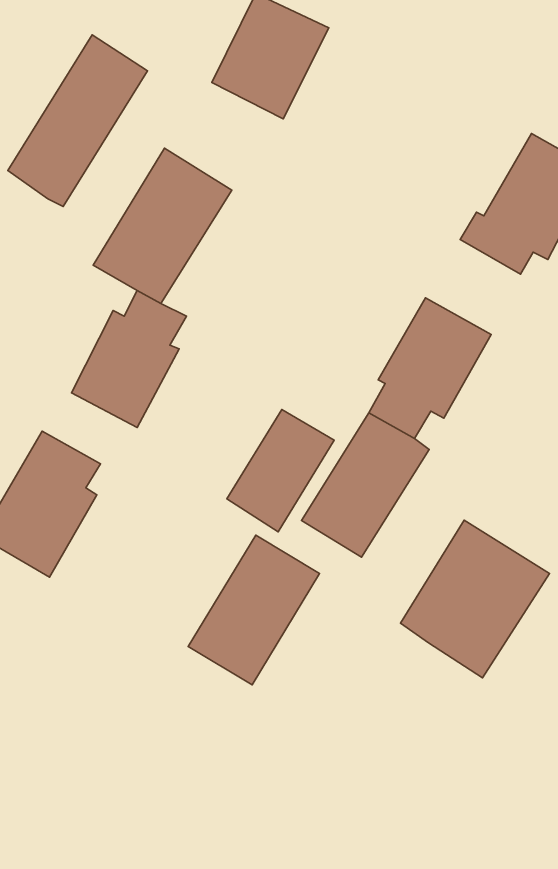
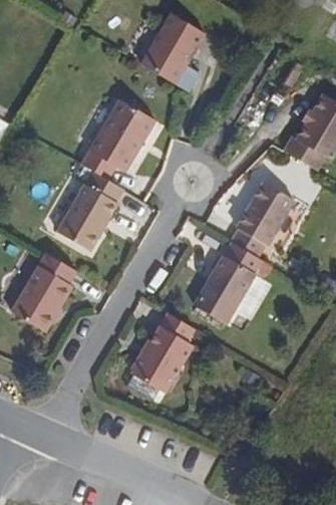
building: [8,35,148,206] -> none
building: [227,409,334,532] -> none
building: [401,520,550,678] -> none

